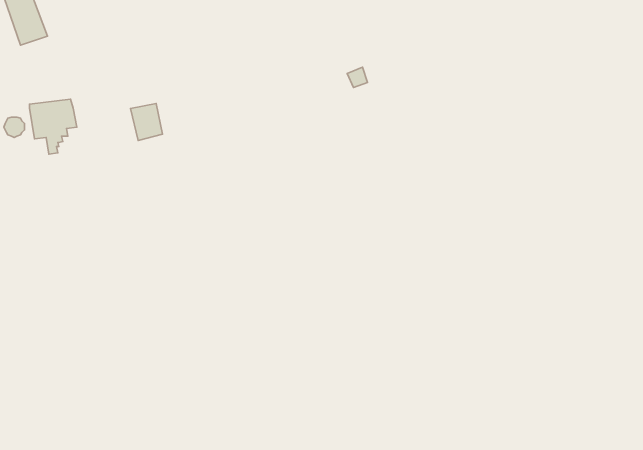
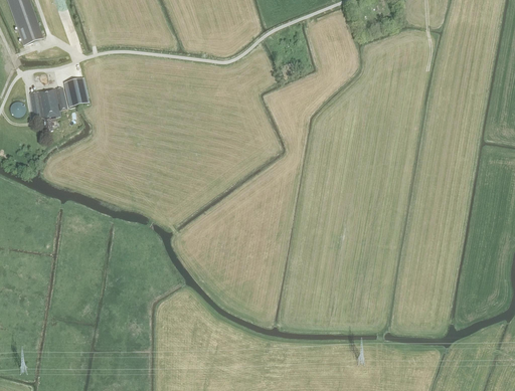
building: [131,103,163,141] -> [62,76,88,106]

